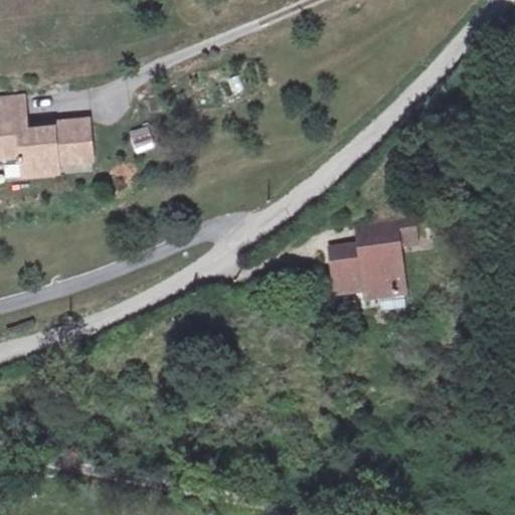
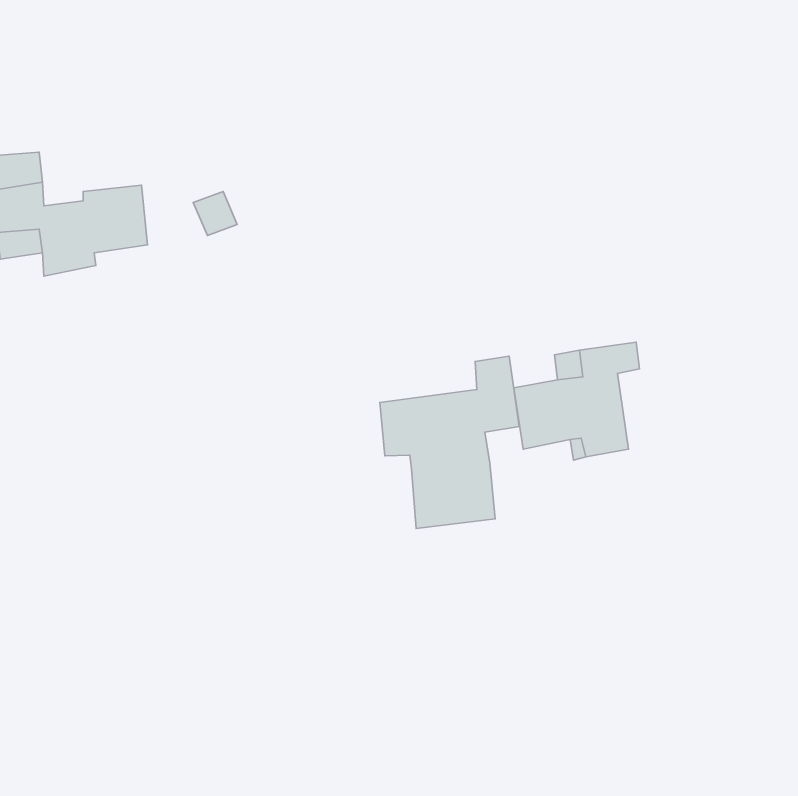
building: none -> [380,356,519,529]

